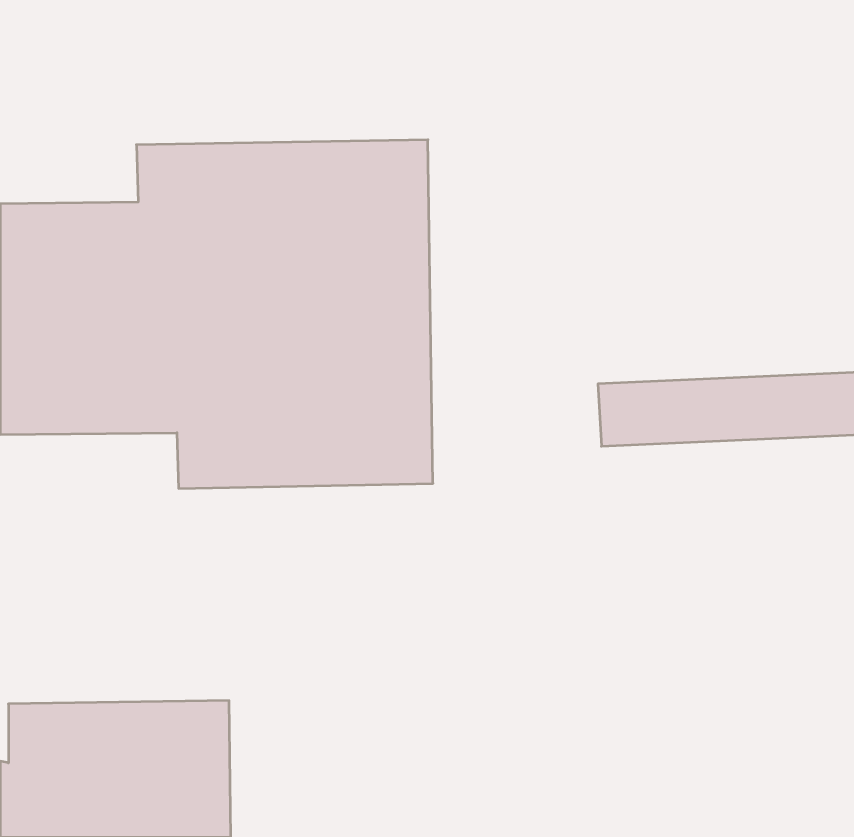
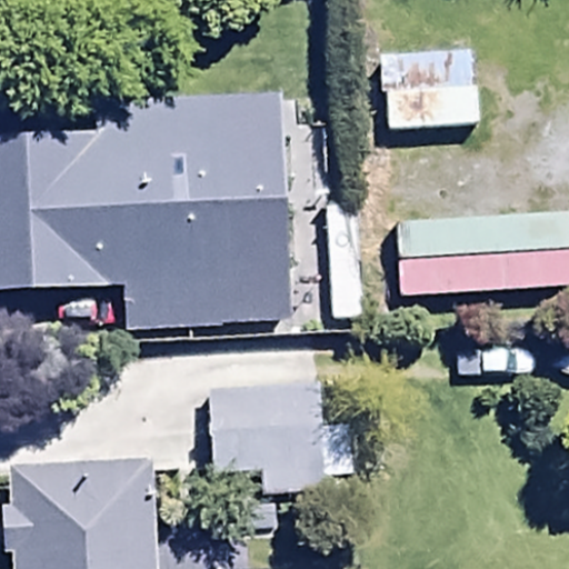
building: none -> [378,43,475,133]
building: none -> [209,387,321,489]

